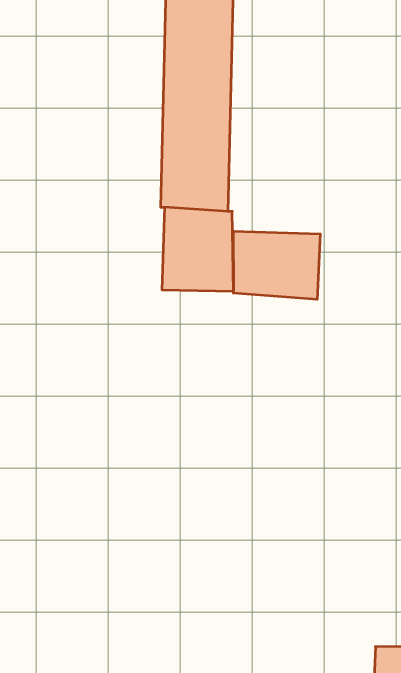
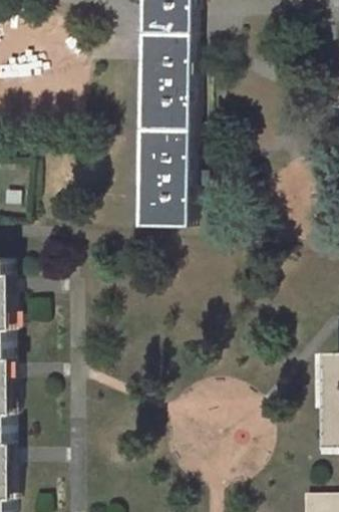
building: [233,231,320,299] -> none

